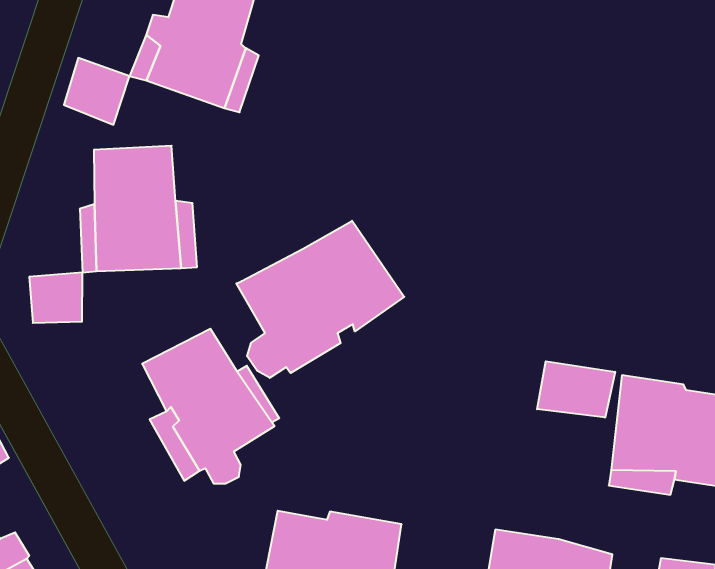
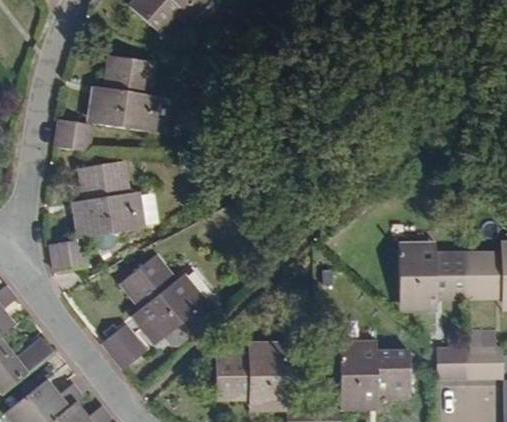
building: [236,221,404,378] -> none
building: [537,361,615,418] -> none
building: none -> [105,325,148,370]

